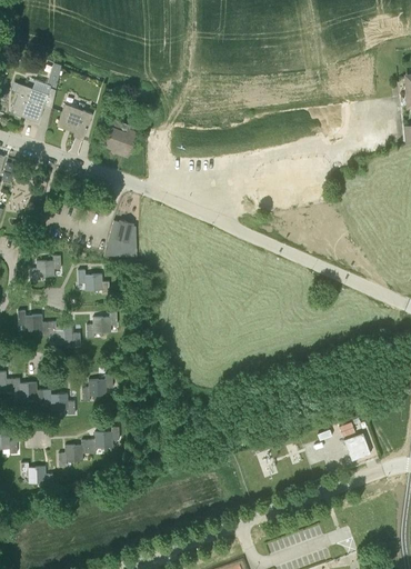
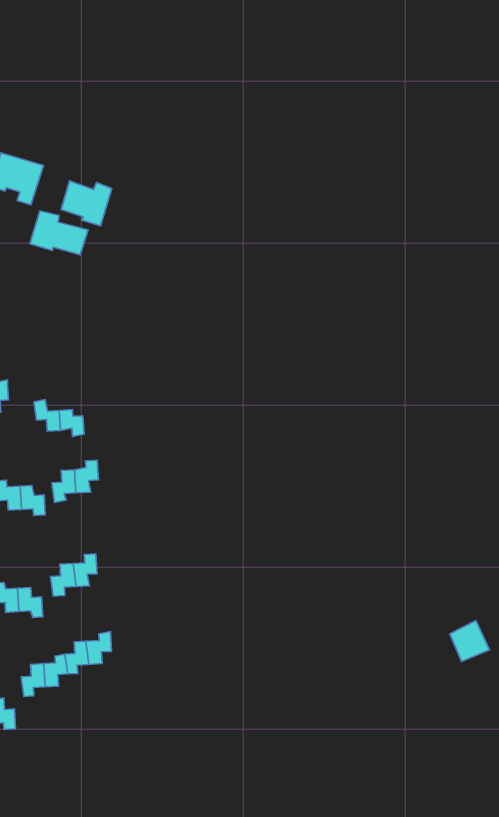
building: none -> [30,211,88,255]
building: [103,220,137,257] -> none

